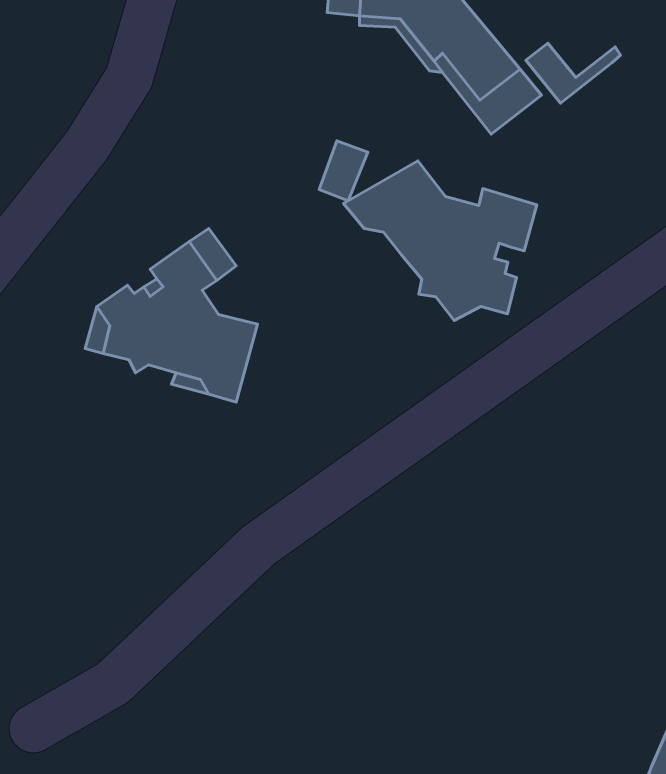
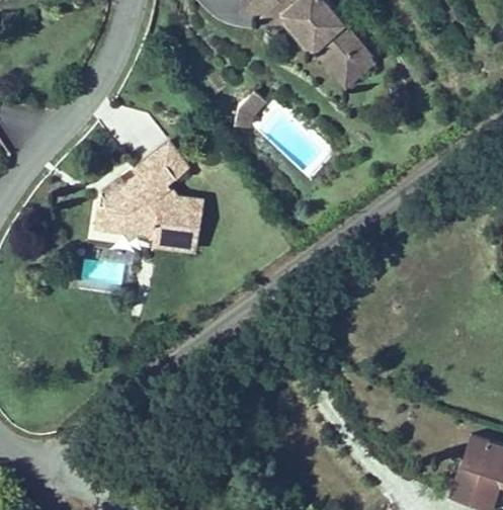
building: [526,43,620,103] -> none
building: [344,161,537,321] -> none

